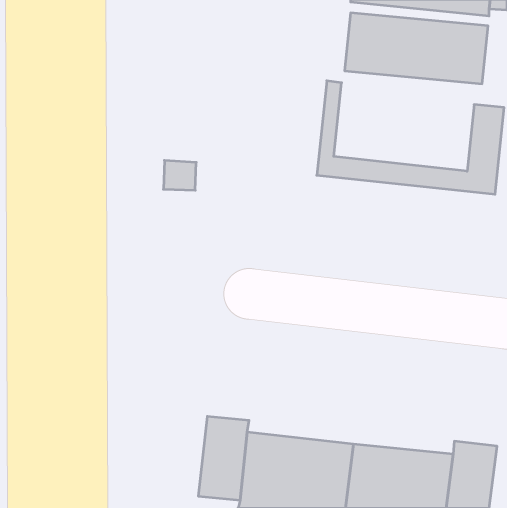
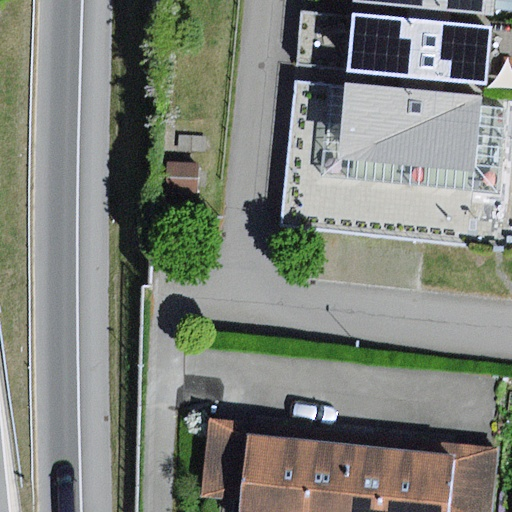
building: none -> [335,83,478,172]

